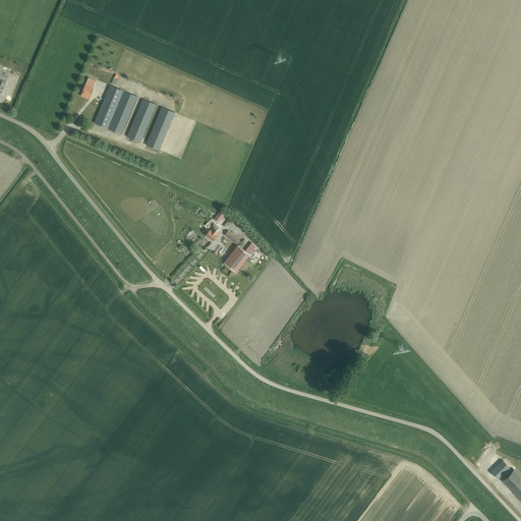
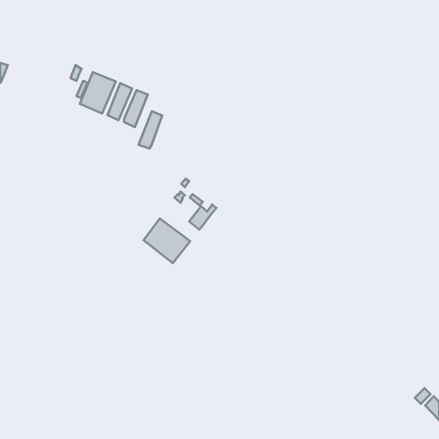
building: none -> [139,111,162,148]
building: none -> [144,219,190,263]

